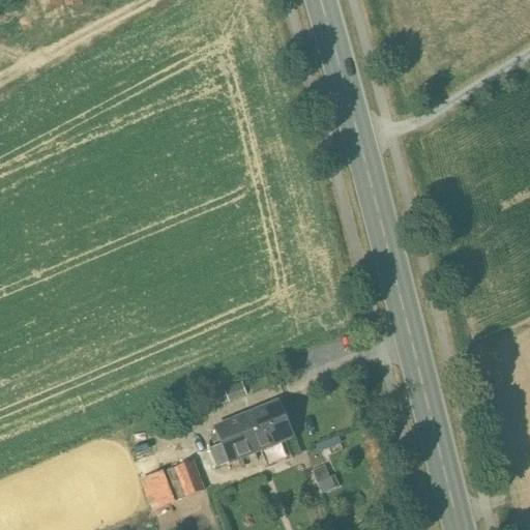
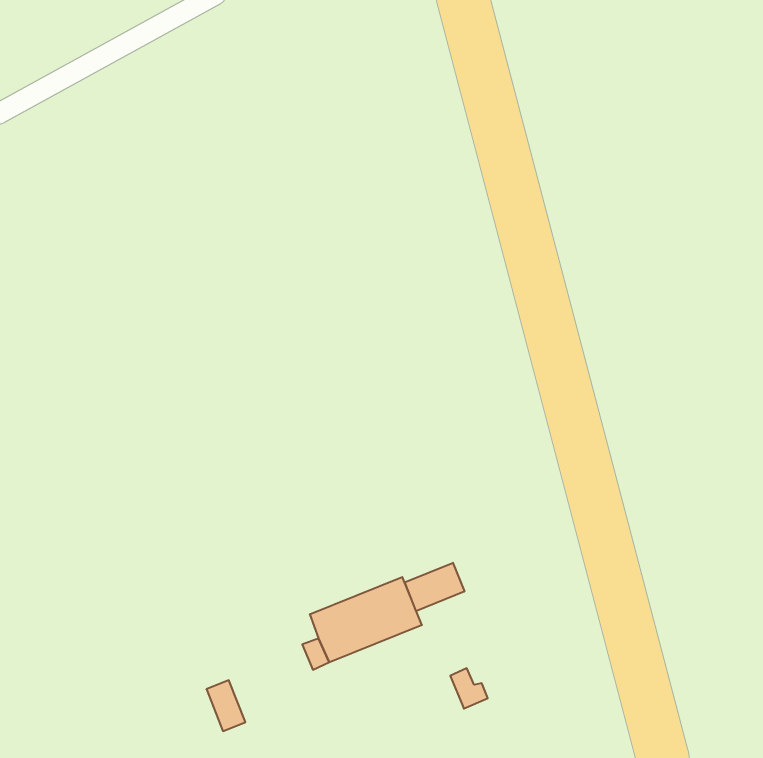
building: none -> [405,563,464,611]
building: [158,459,203,500] -> none

